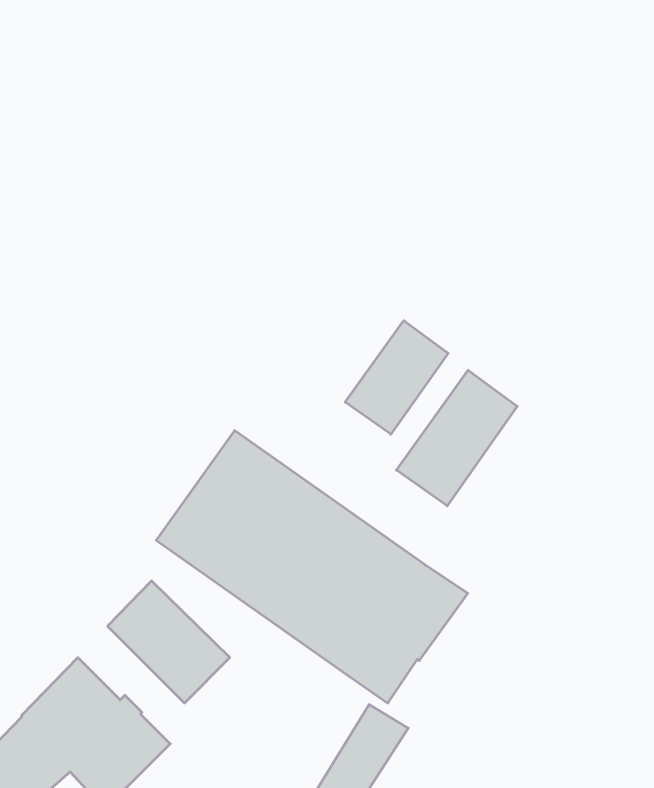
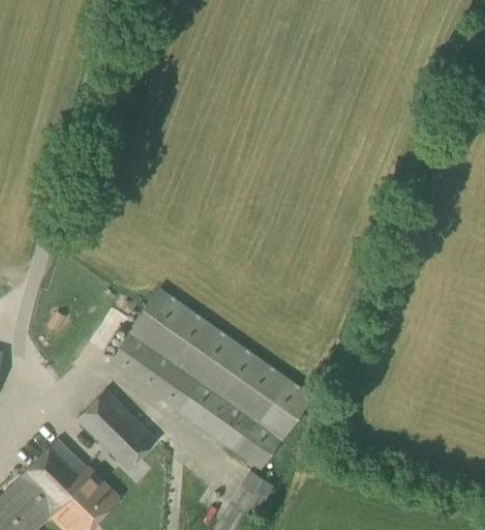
building: [345,321,448,434] -> none
building: [396,370,517,506] -> none

